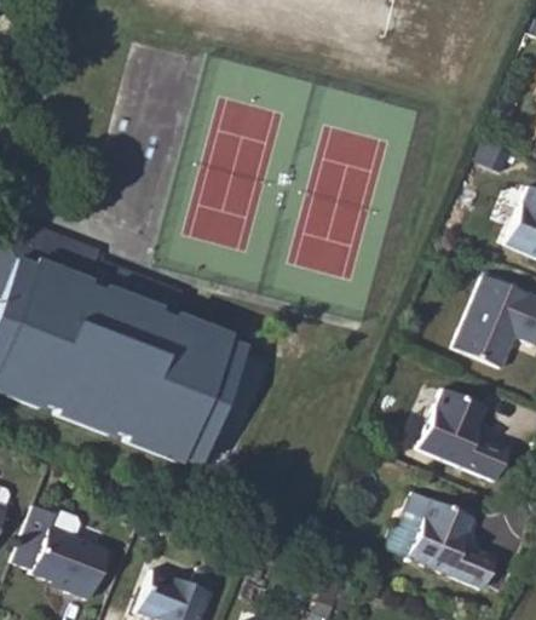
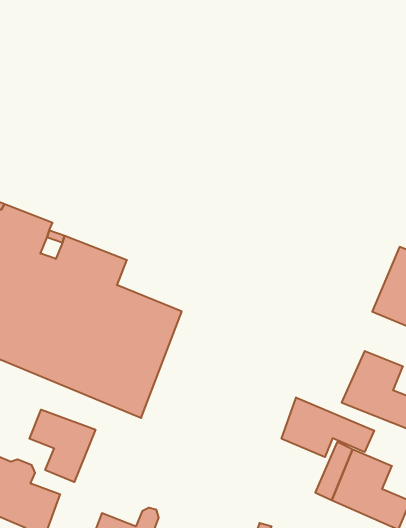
building: none -> [282,397,374,457]
building: none -> [29,410,95,482]

